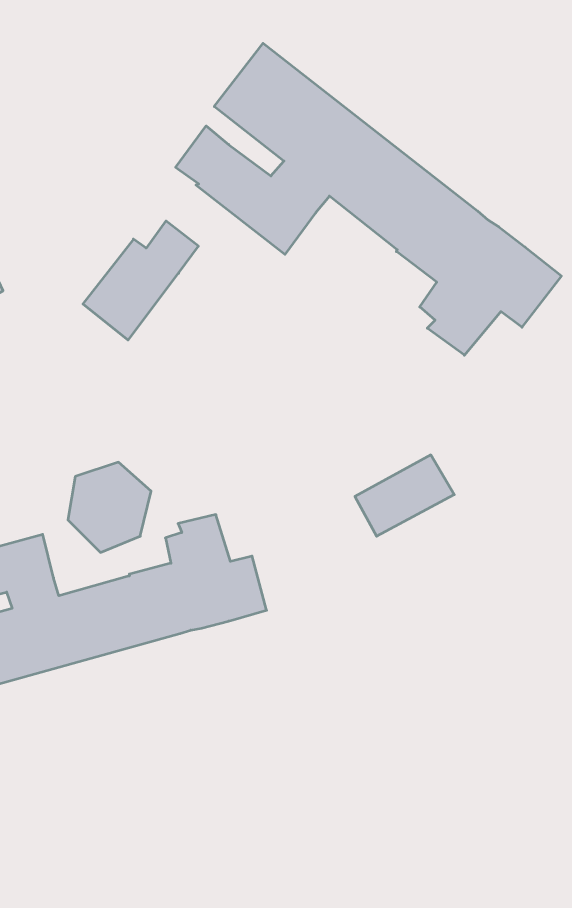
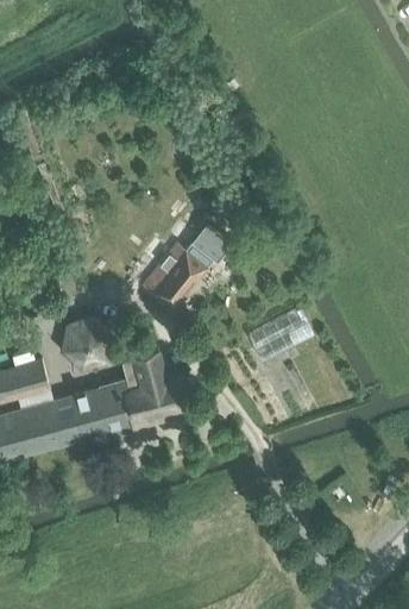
building: [176,43,561,355] -> none
building: [83,221,198,340] -> [144,231,220,309]

